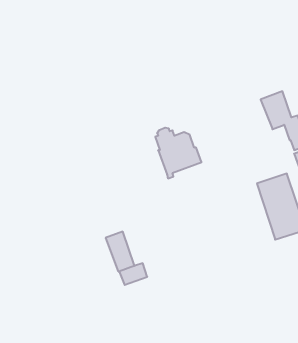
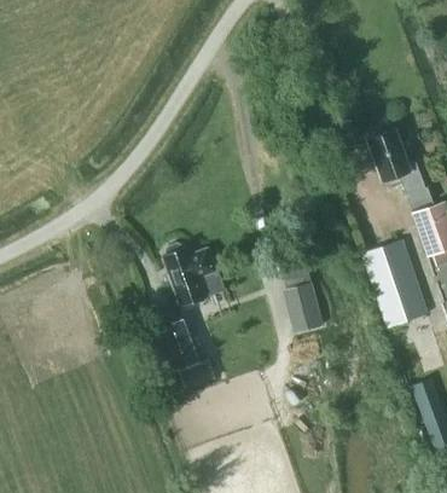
building: [155,128,202,178] -> [164,244,226,312]
building: none -> [290,283,325,331]

